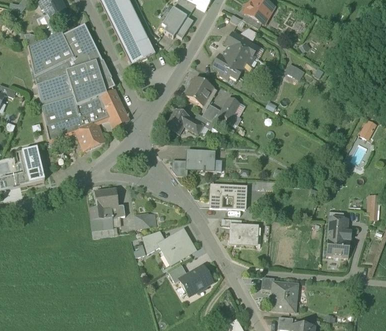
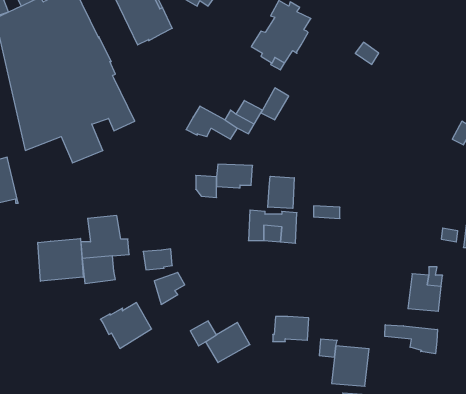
building: [184,76,212,106] -> none
building: none -> [268,176,294,208]
building: none -> [38,238,83,281]
building: [230,225,256,243] -> [273,317,309,342]
building: [157,230,194,263] -> [100,303,152,348]
building: none -> [385,325,437,354]

